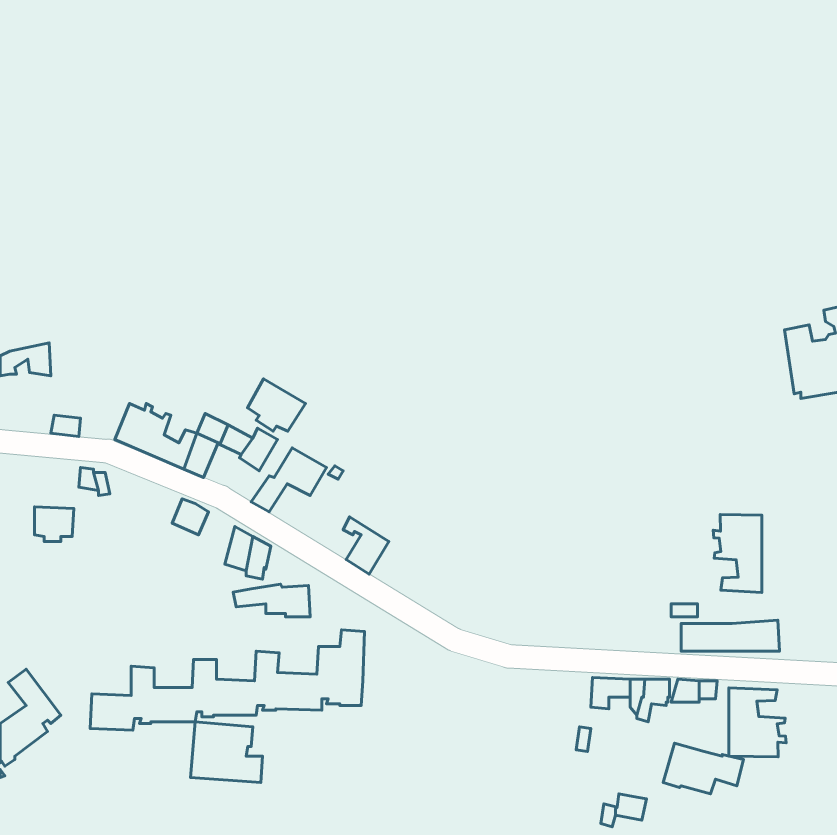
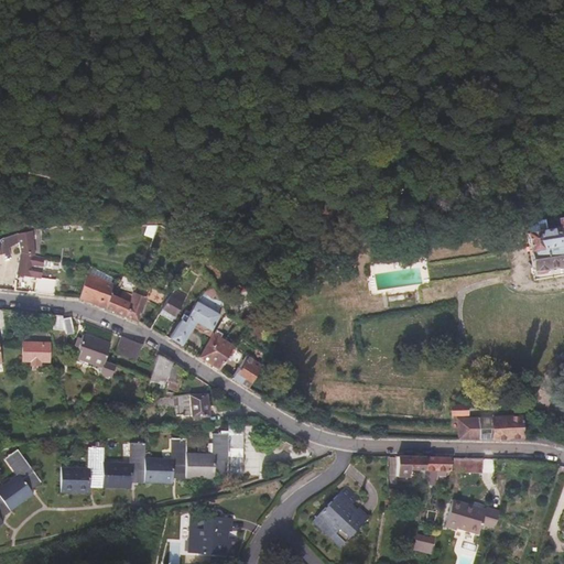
building: none -> [19,250,44,276]
building: [247,379,306,431] -> none
building: none -> [78,333,111,366]
building: none -> [200,333,236,368]
building: [713,515,762,592] -> none
building: [729,688,786,757] -> none
building: [190,722,263,783] -> [189,513,238,554]
building: none -> [313,486,368,546]

